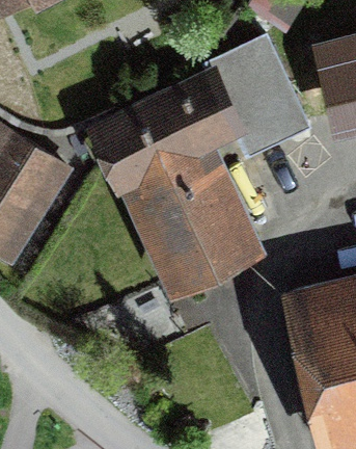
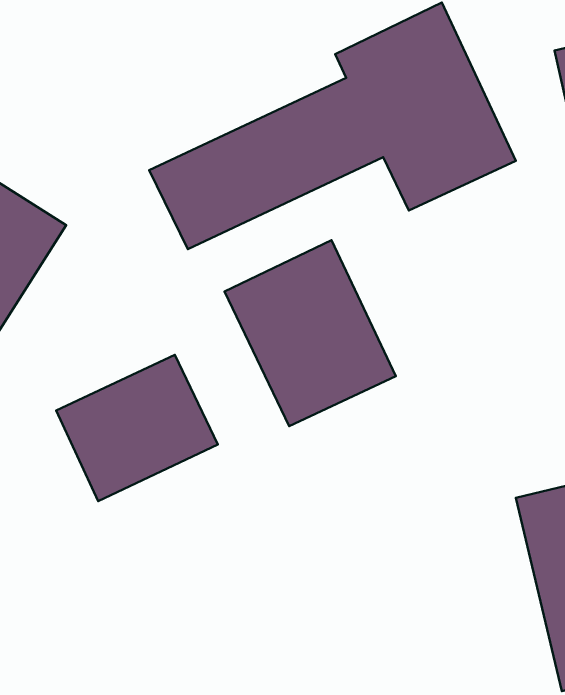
building: none -> [56,355,218,501]

